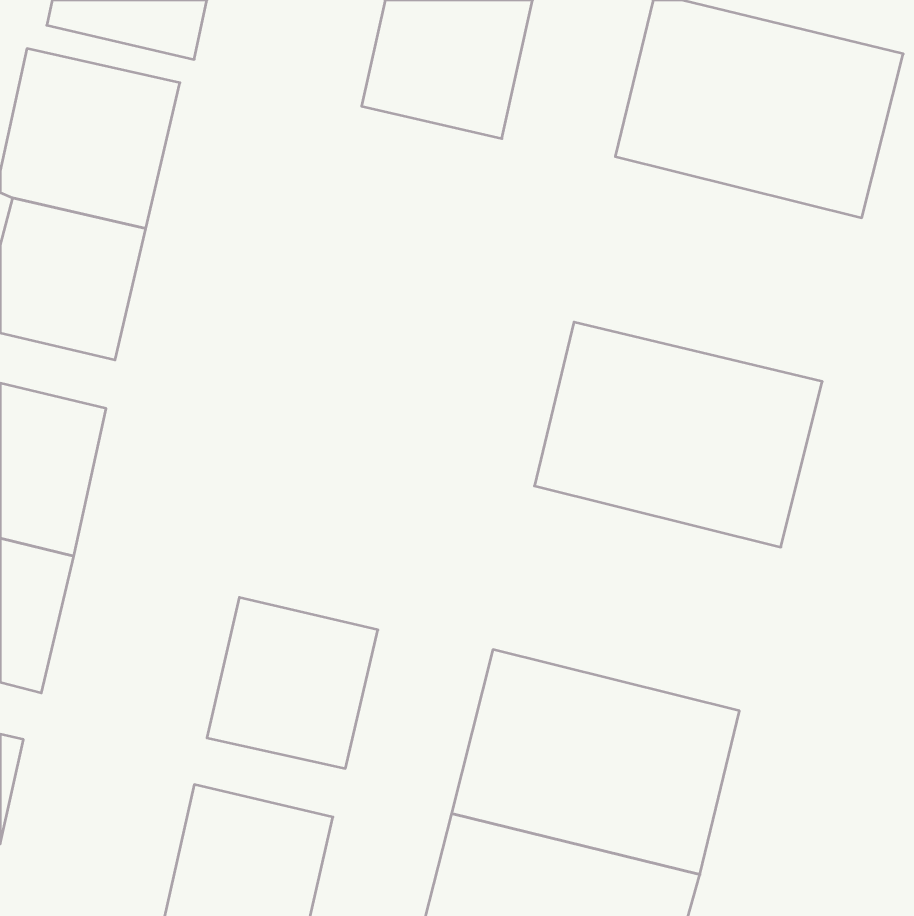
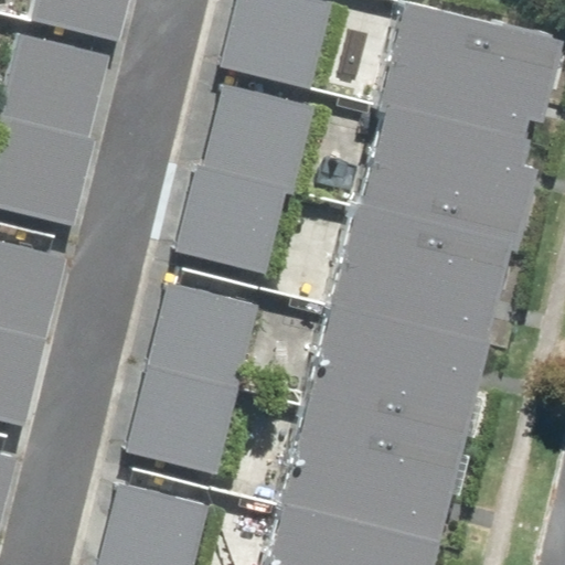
building: none -> [205,86,311,185]
building: none -> [355,98,532,236]
building: none -> [180,171,281,270]
building: none -> [152,284,255,384]
building: none -> [306,300,482,438]

